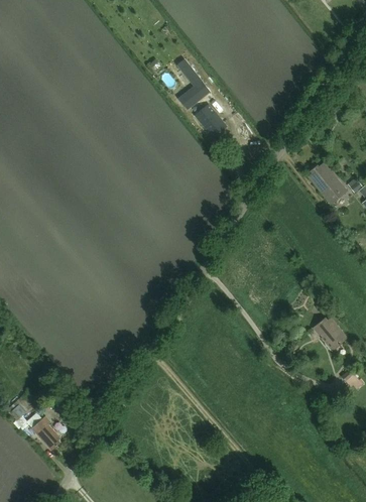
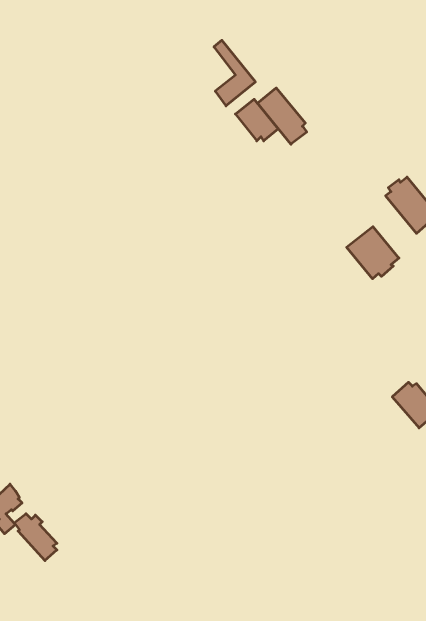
building: none -> [257,88,307,144]
building: none -> [347,227,399,279]

